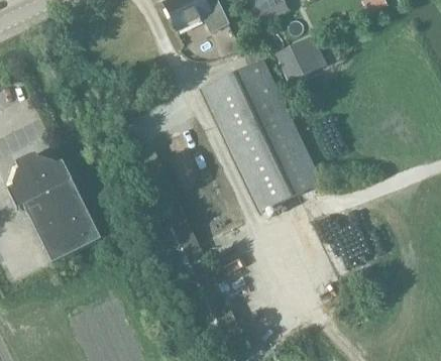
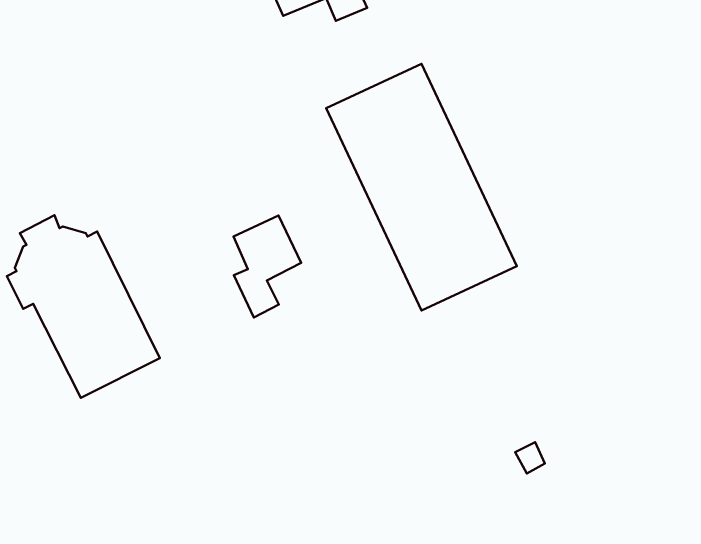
building: [280,39,315,79] -> none
building: none -> [234,215,301,318]

